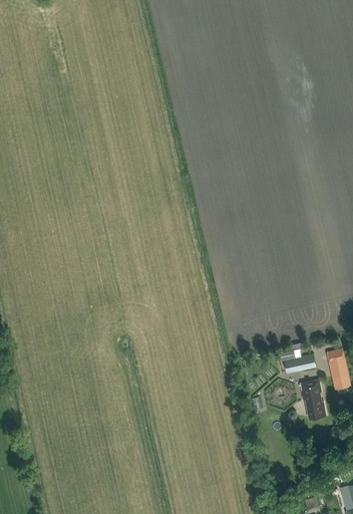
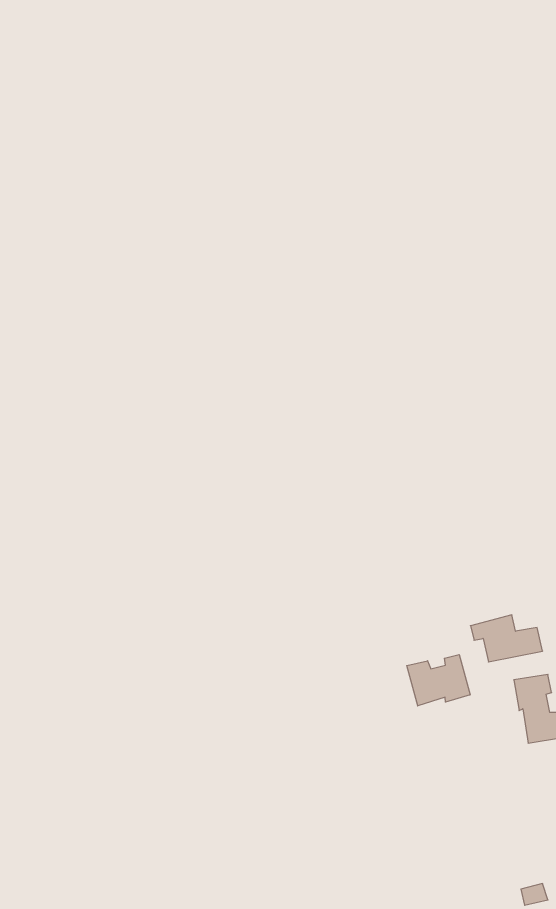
building: none -> [407,655,470,706]

